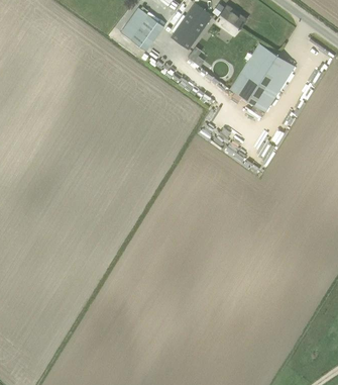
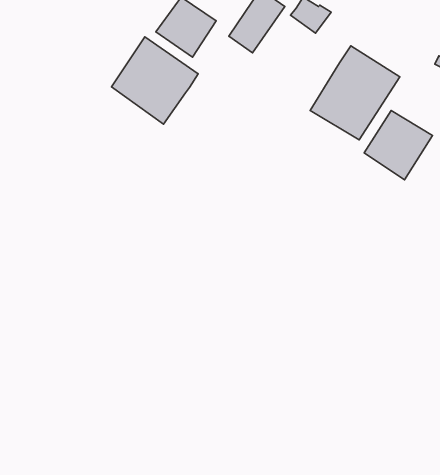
building: none -> [111,37,198,124]
building: none -> [364,111,432,180]

